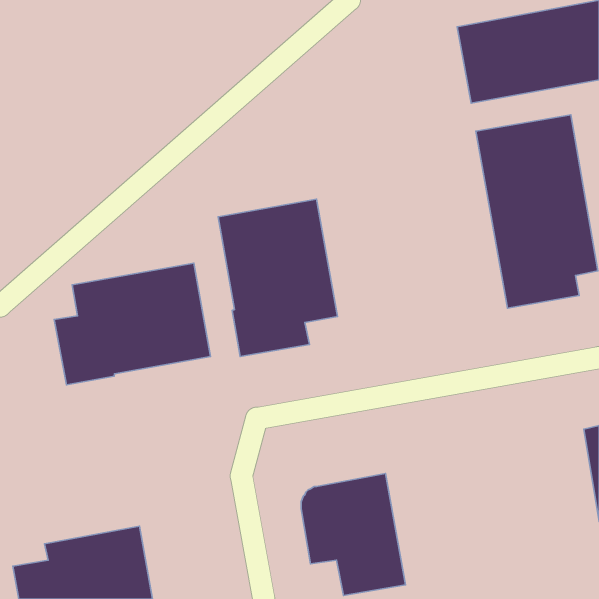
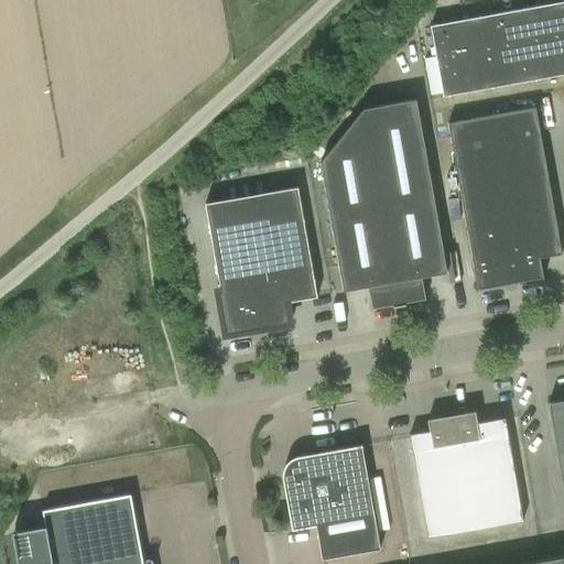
building: none -> [319,99,447,310]
building: [54,263,211,385] -> none
building: none -> [410,412,523,539]

